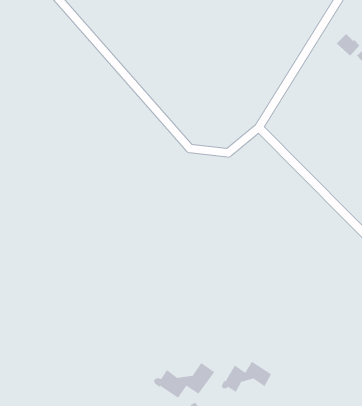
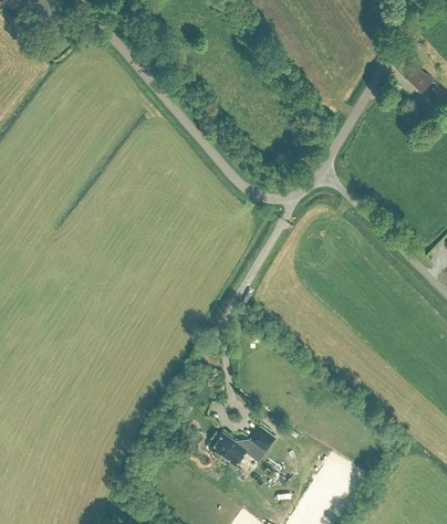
building: [221,361,272,393] -> none

